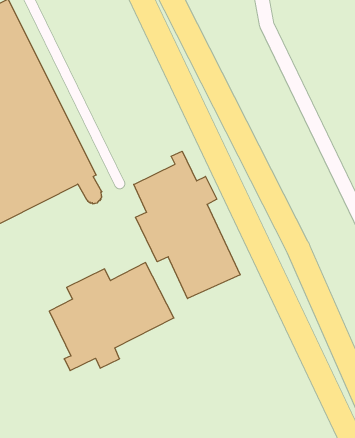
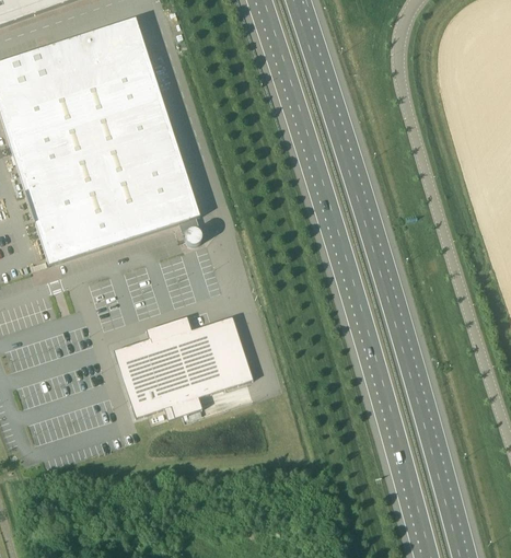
building: [134,151,240,299] -> none

